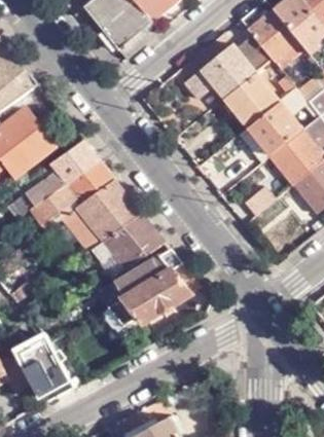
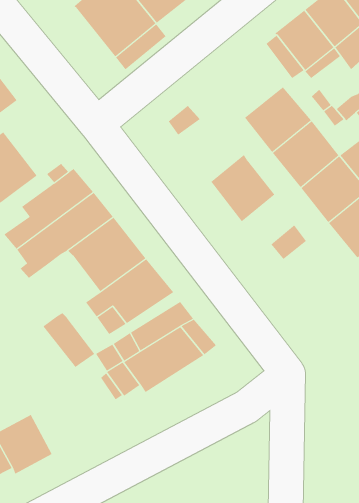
building: [199,44,254,99] -> none
building: none -> [210,154,275,222]
building: [61,208,104,253] -> [43,313,95,368]

